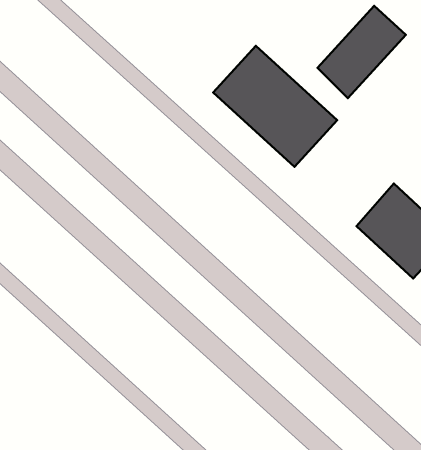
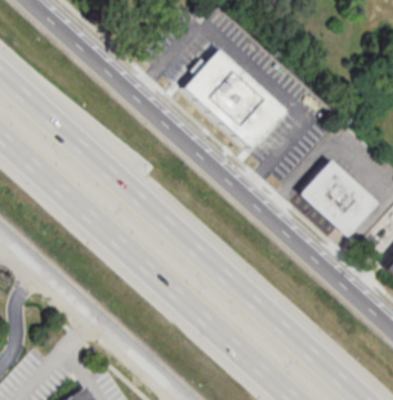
building: [317,6,406,98] -> none

